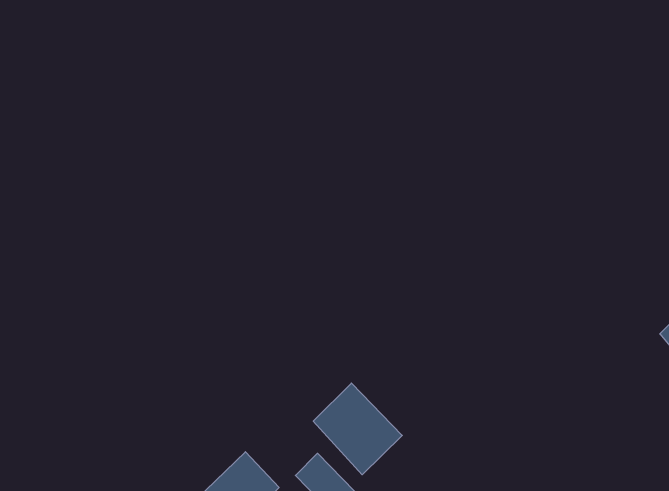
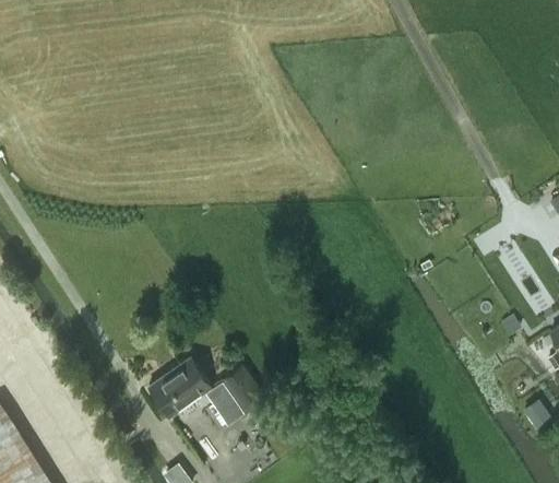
building: [313,383,402,475] -> none

